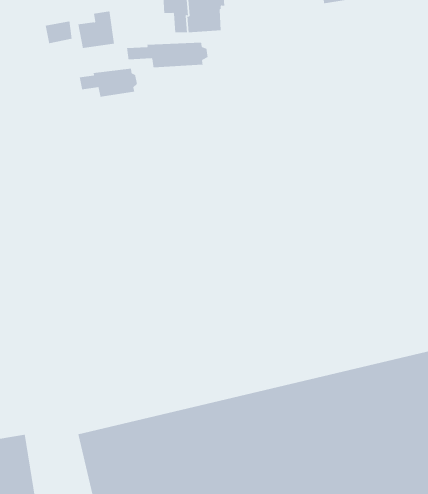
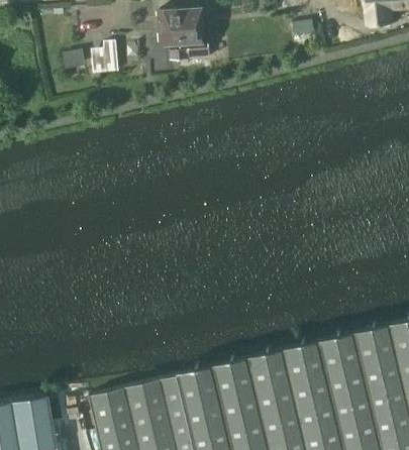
building: [126,42,208,68] -> none
building: [79,68,137,97] -> none

